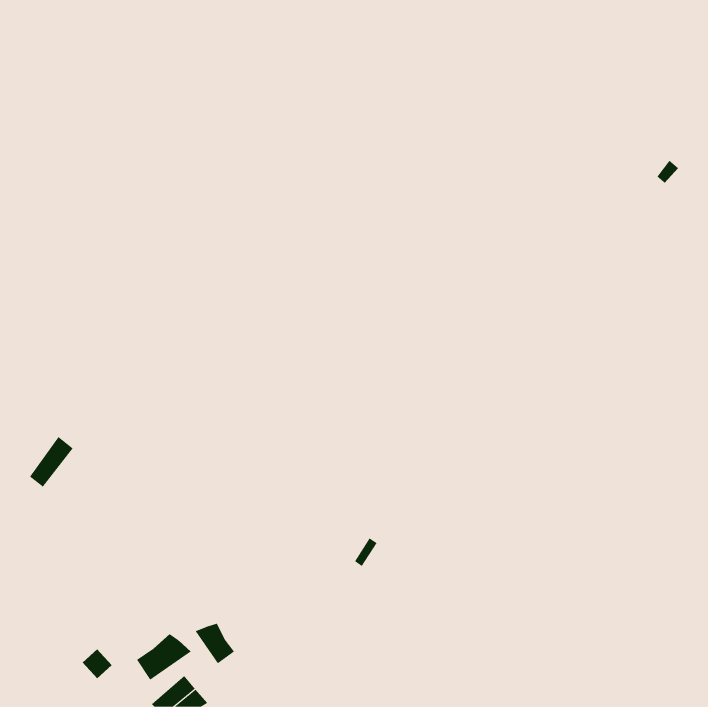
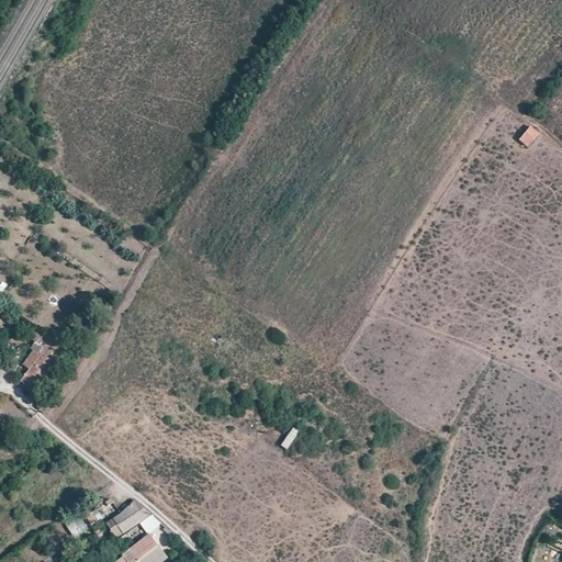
building: [195,623,235,664] -> none

